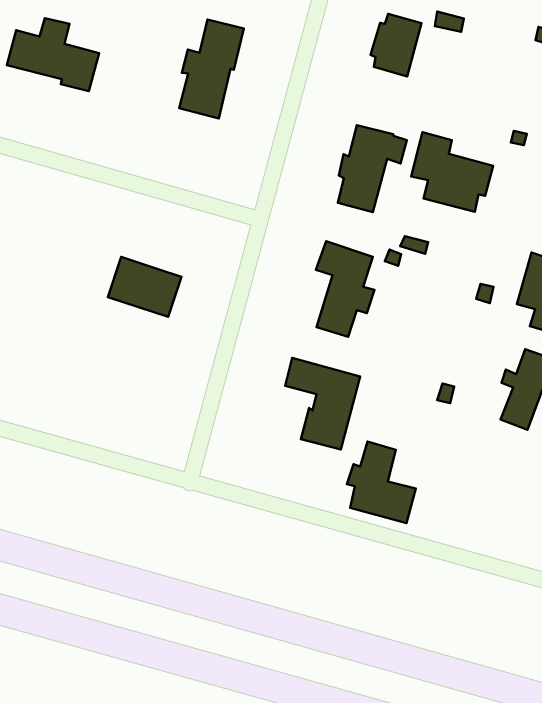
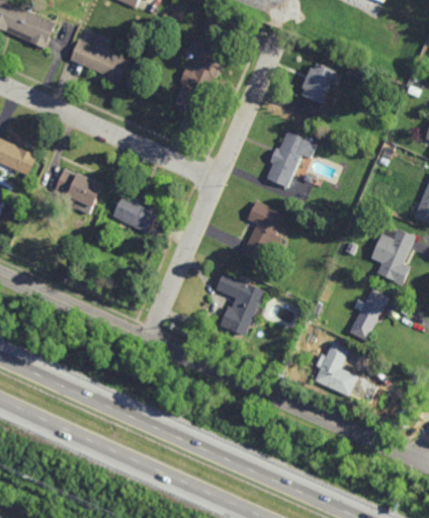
building: [411,132,493,212] -> none
building: none -> [54,169,103,214]
building: [347,441,416,523] -> [315,340,358,396]

